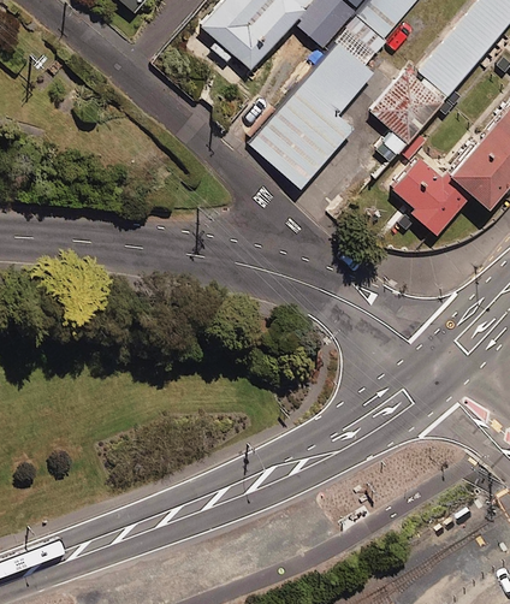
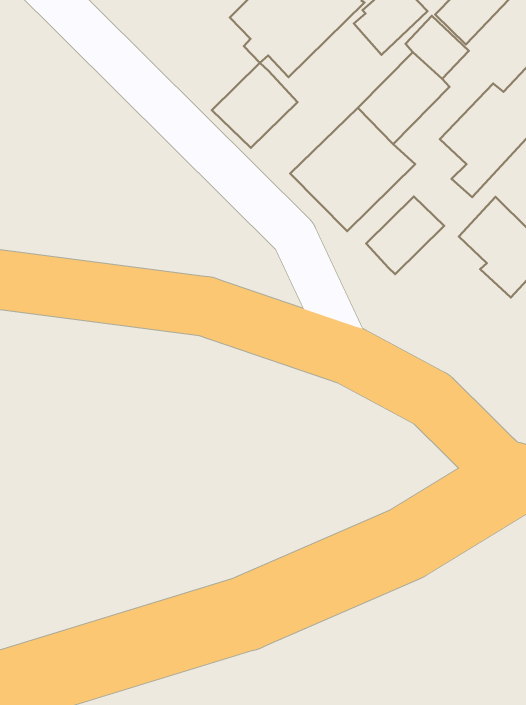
building: none -> [212,63,297,148]
building: none -> [366,197,444,274]

